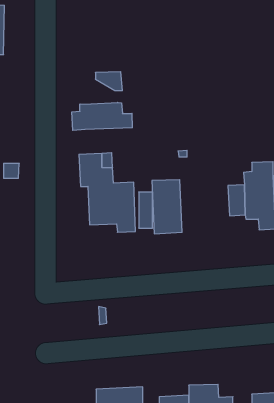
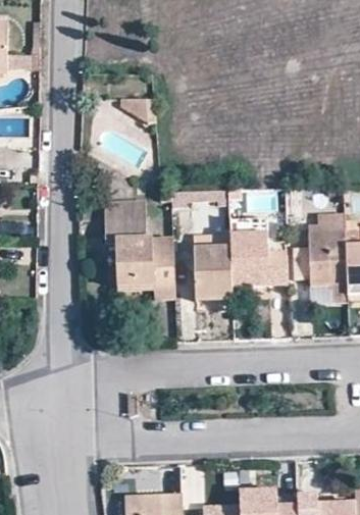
building: [72,102,132,130] -> none
building: none -> [228,216,268,300]

